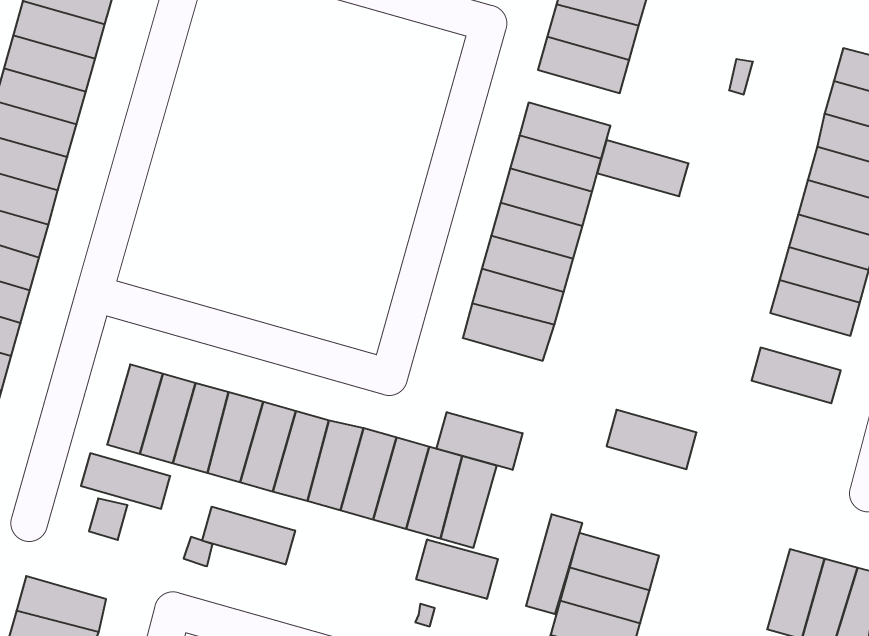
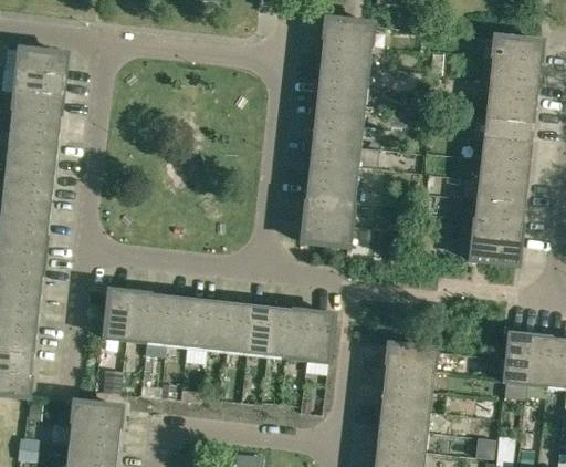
building: [597,140,689,196] -> [316,79,368,104]
building: none -> [474,197,525,224]
building: [607,410,697,469] -> [470,238,521,266]
building: [437,412,523,470] -> none
building: [81,453,170,509] -> [71,402,122,427]
building: [202,507,295,565] -> none
building: [526,514,582,614] -> none
building: [416,539,498,599] -> none

